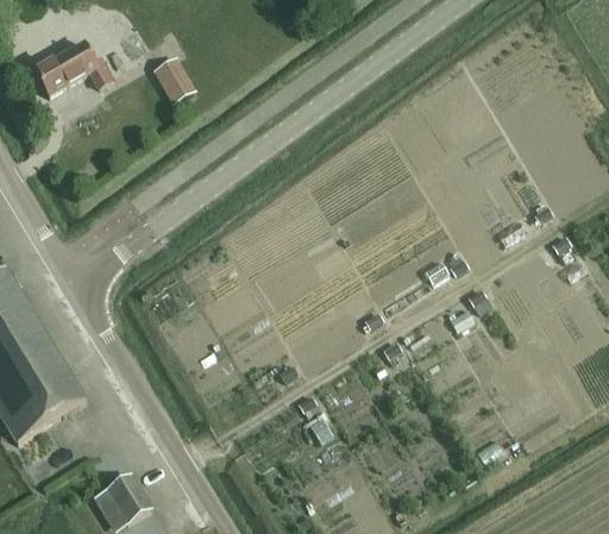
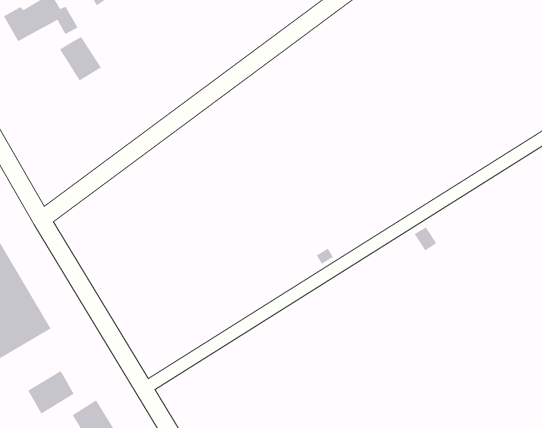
building: [150,56,195,103] -> [59,36,102,81]
building: none -> [27,370,75,414]

